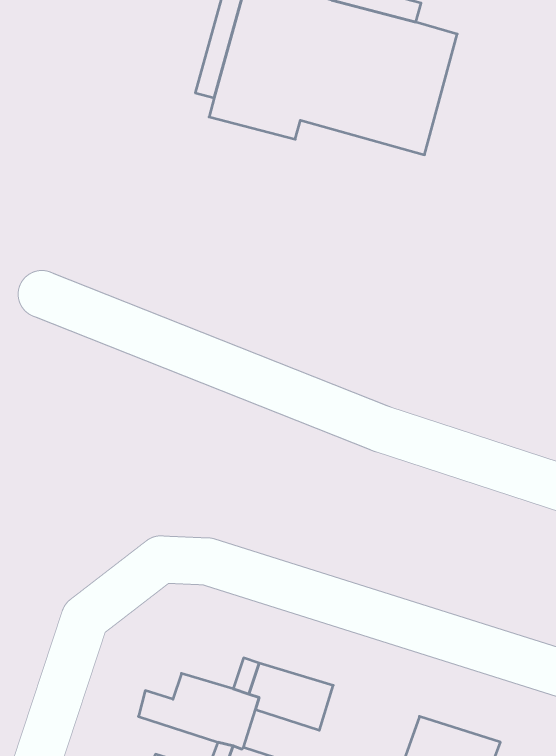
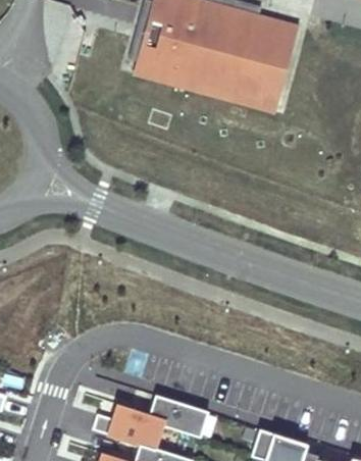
building: none -> [189,25,297,111]

